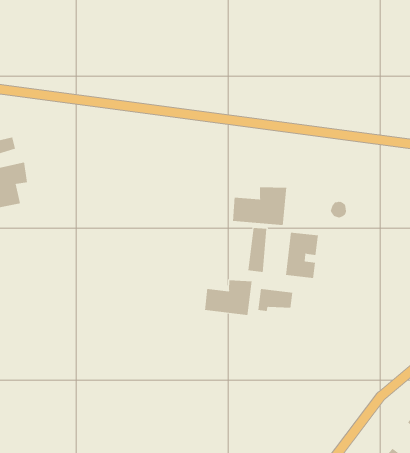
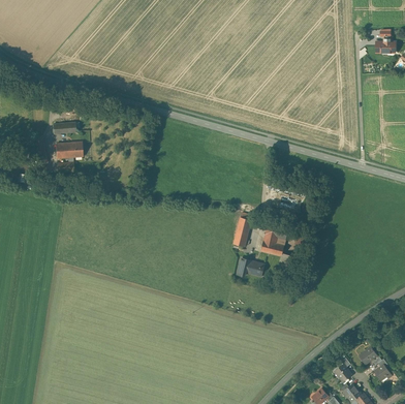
building: [232,187,287,226] -> none
building: [205,280,252,316] -> none

